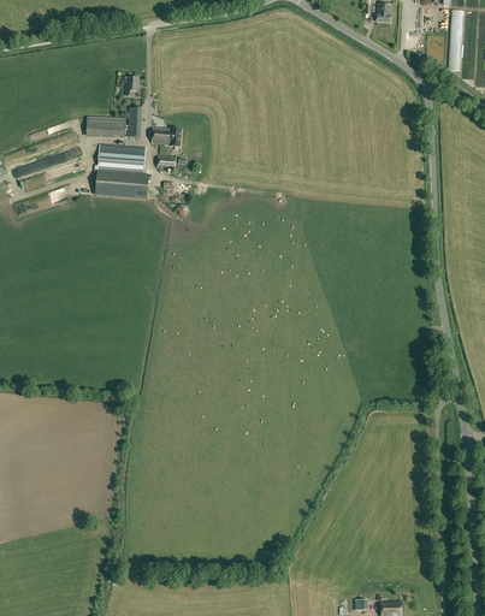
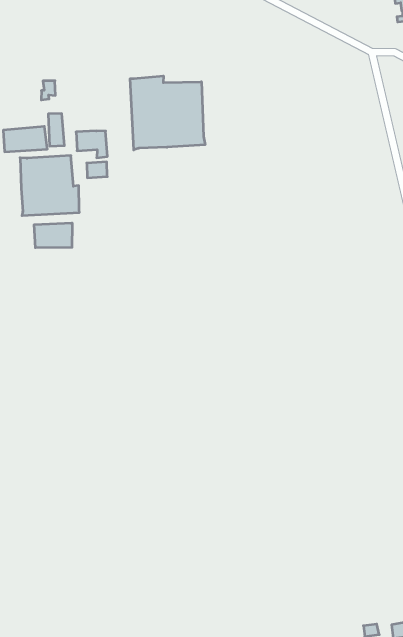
building: none -> [130,76,205,150]
building: none -> [34,223,72,248]

